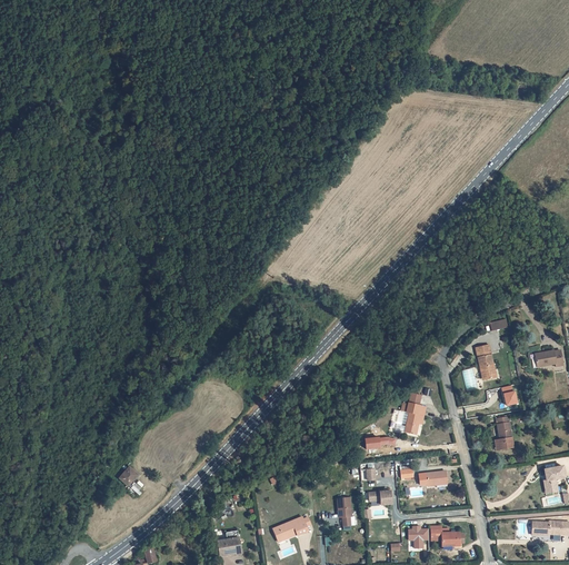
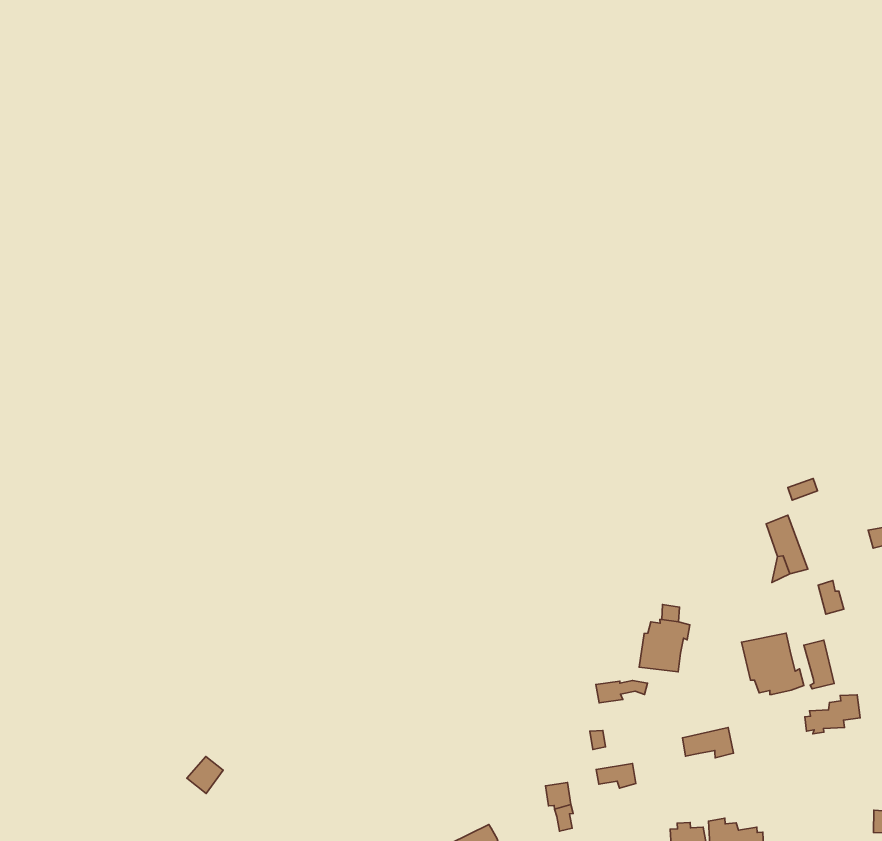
building: none -> [741,633,804,695]
building: none -> [805,695,860,734]

